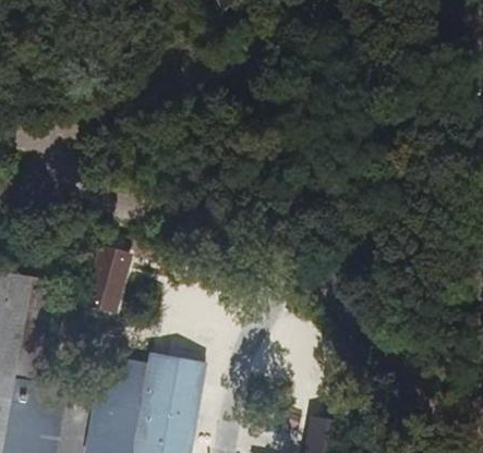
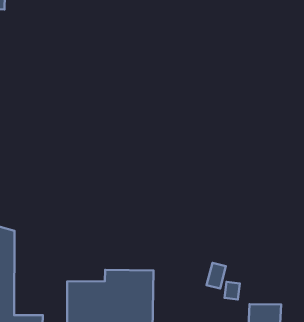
building: [83,252,130,316] -> none

